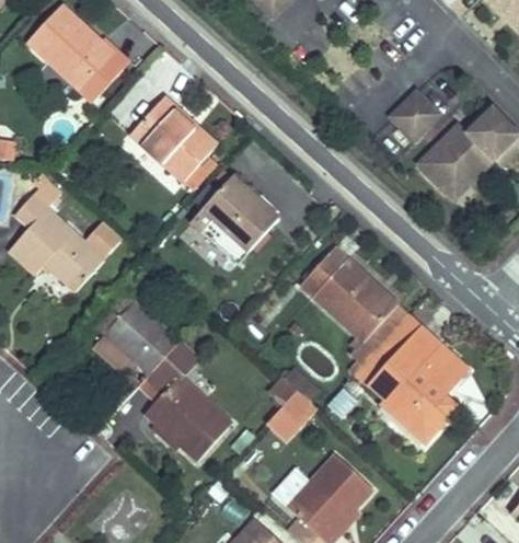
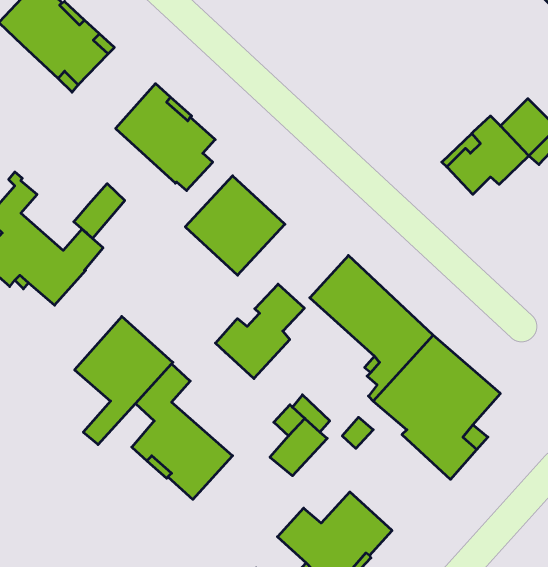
building: [385,86,442,143] -> none
building: none -> [74,184,125,238]
building: none -> [215,284,304,379]

